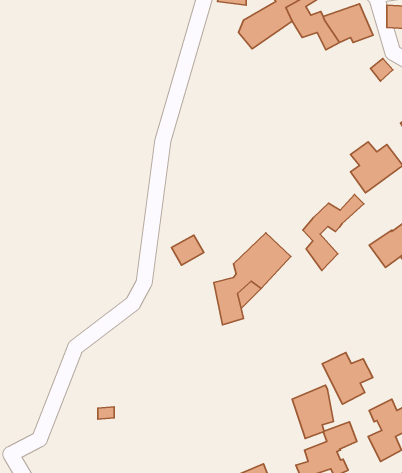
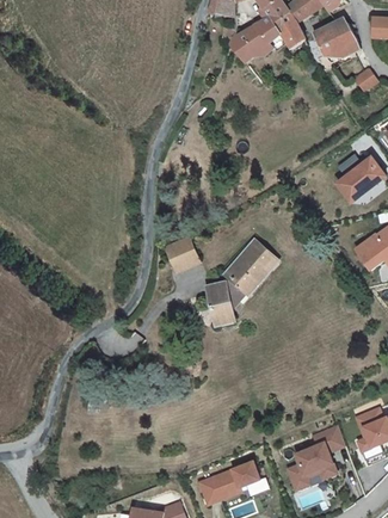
building: [303,195,364,271] -> none
building: [322,353,373,404] -> none
building: [292,385,333,439] -> none

